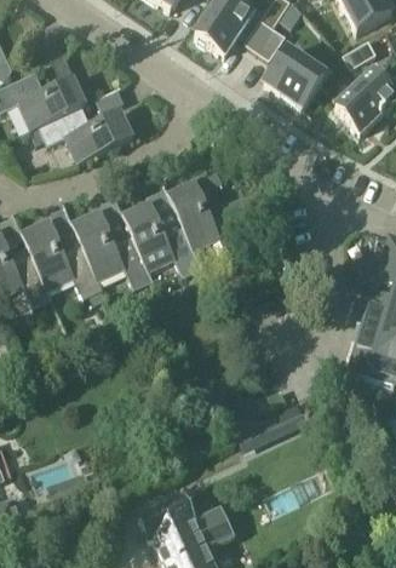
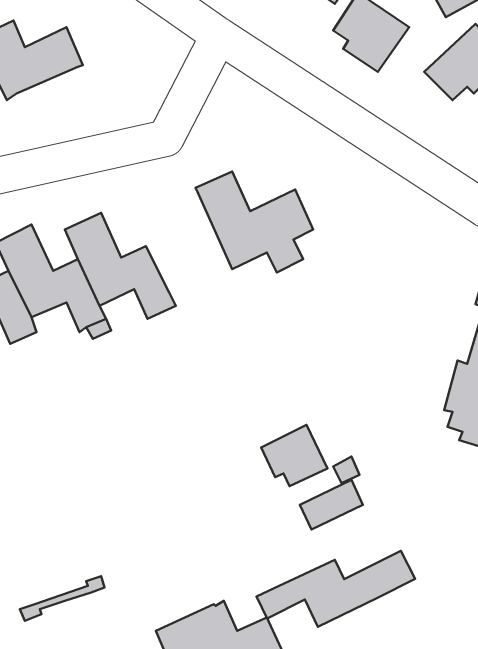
building: [38,104,133,162] -> none
building: [122,195,202,275] -> none
building: none -> [261,425,328,486]
building: none -> [257,551,415,627]

